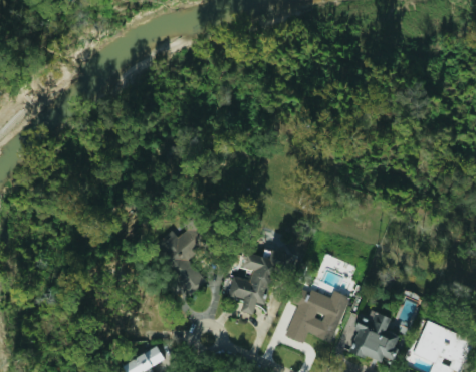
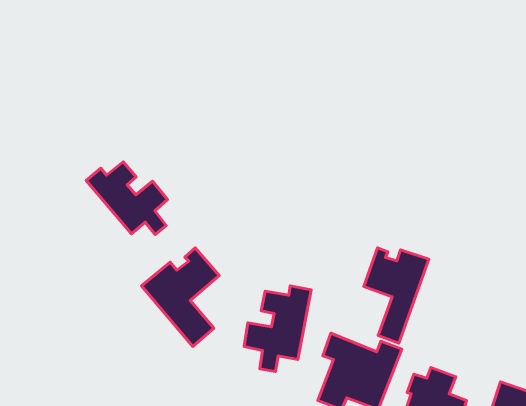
building: none -> [86,162,168,234]
building: none -> [364,248,429,343]

